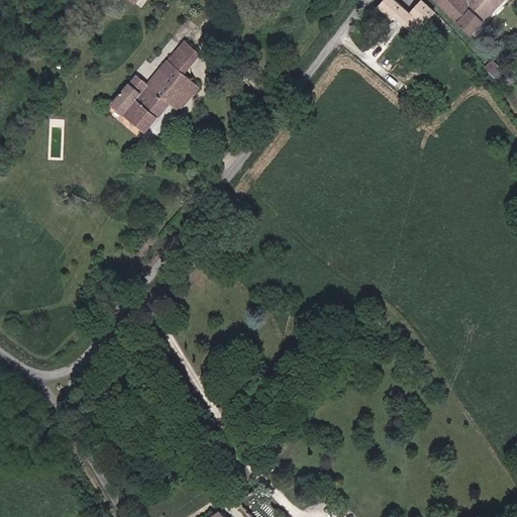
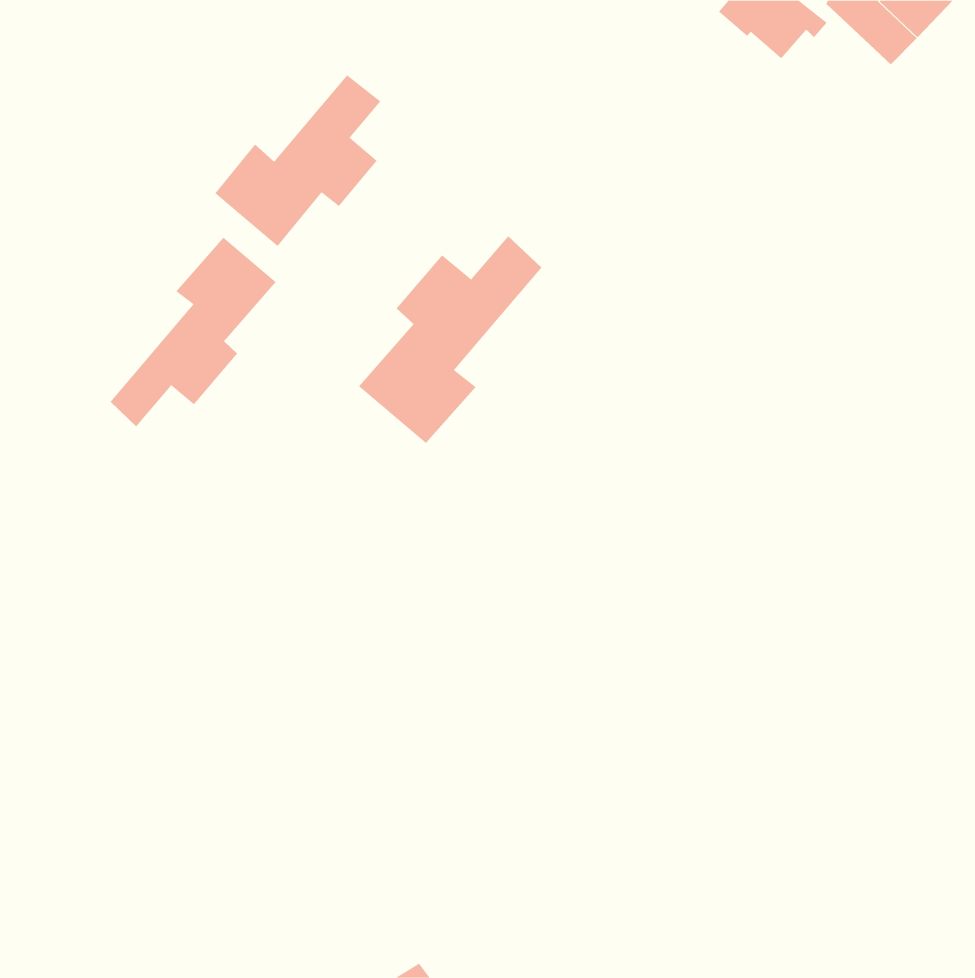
building: none -> [358,236,542,444]
building: none -> [110,237,276,427]

